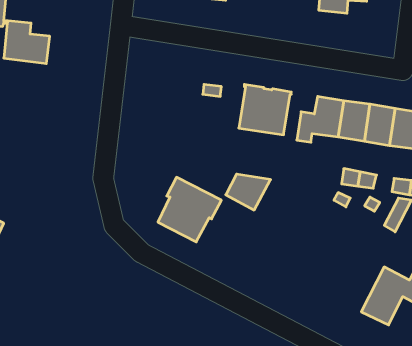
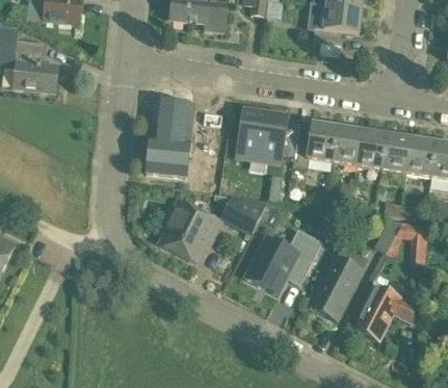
building: none -> [147,101,197,175]
building: none -> [244,229,321,293]
building: none -> [310,256,362,319]

